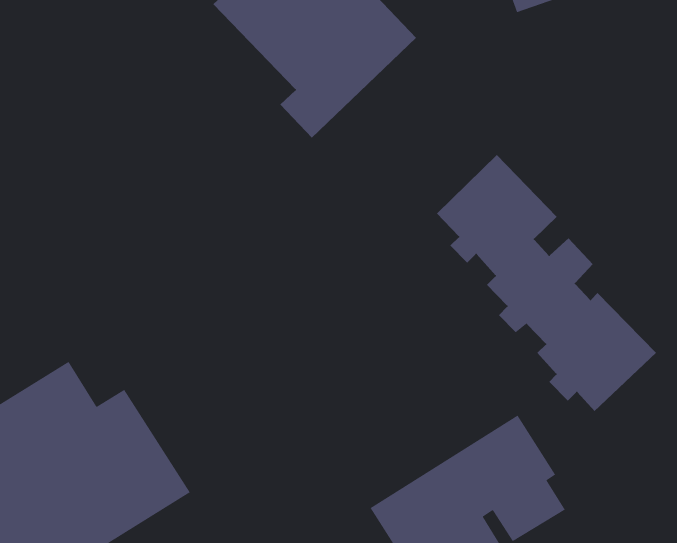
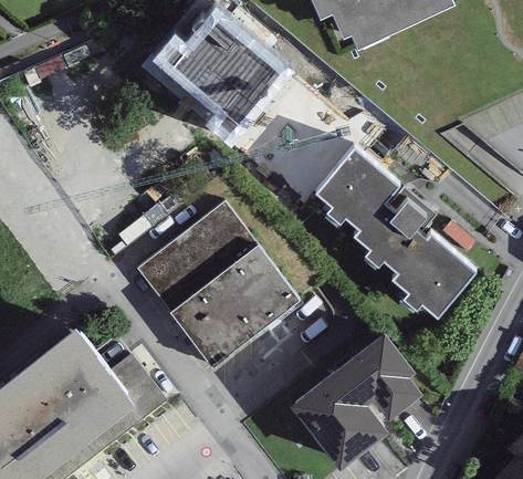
building: none -> [137,199,300,364]

